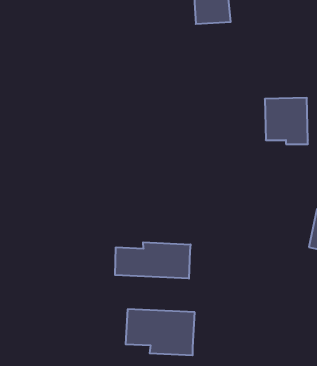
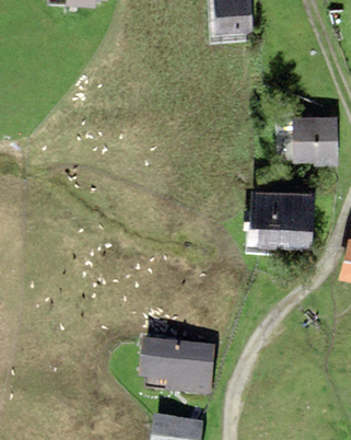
building: none -> [249,187,315,246]
building: [115,242,191,279] -> none

